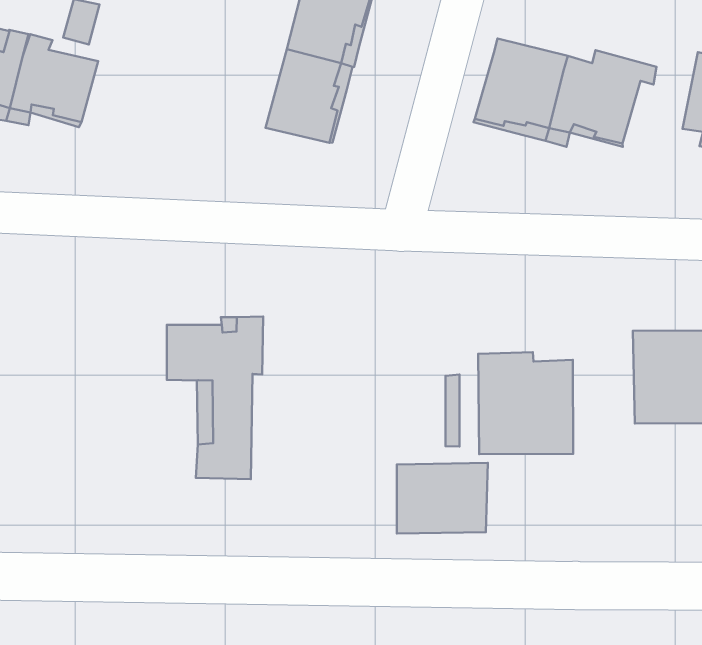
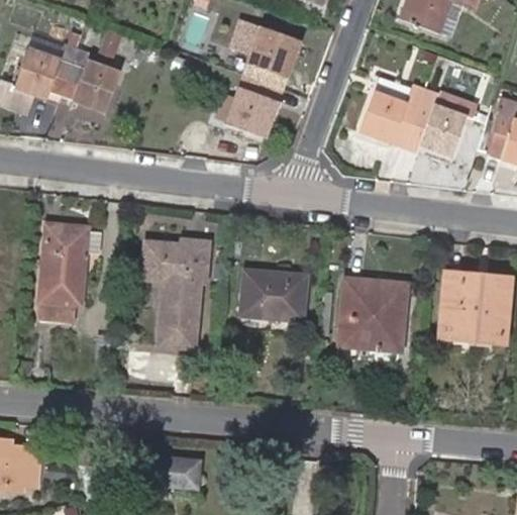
building: none -> [37,226,100,322]
building: [397,463,488,534] -> [243,271,306,319]

